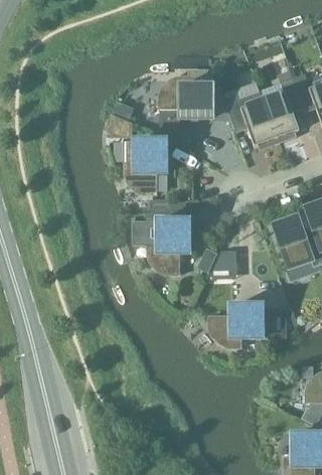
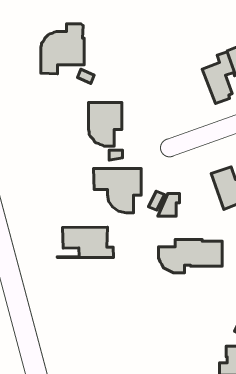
building: [160,66,212,127] -> [41,24,84,74]
building: [224,92,279,147] -> none
building: none -> [57,227,114,258]

